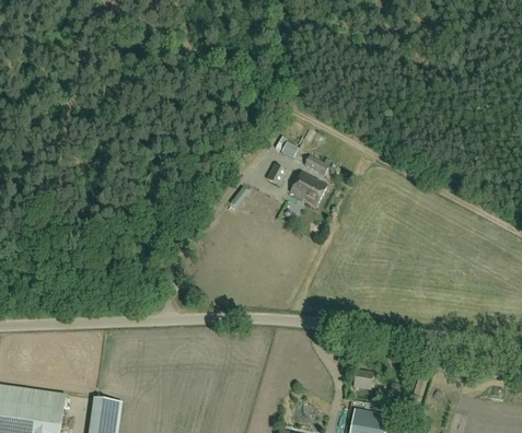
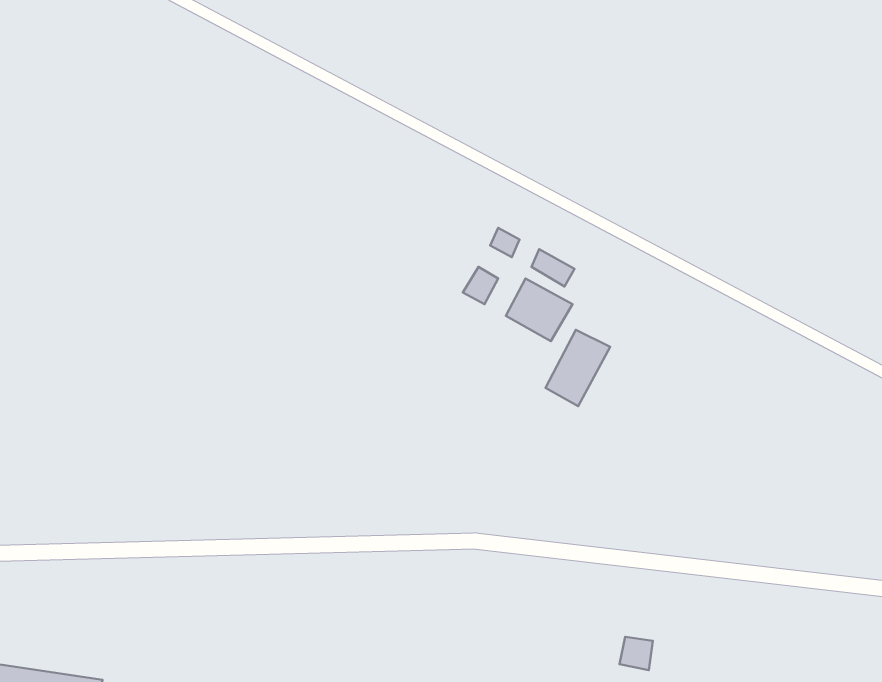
building: none -> [545,330,610,406]

